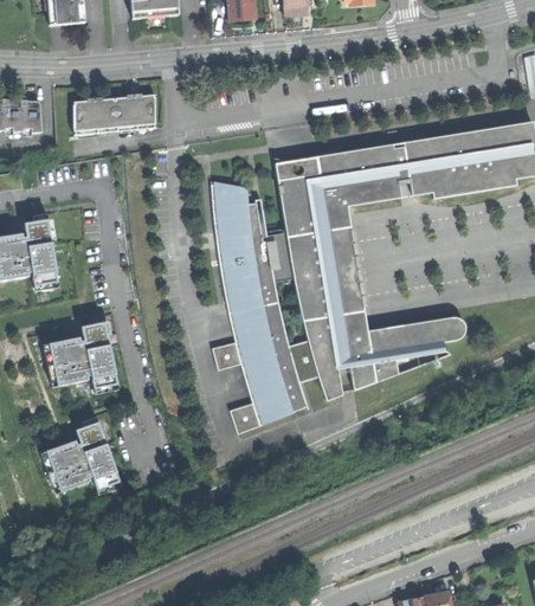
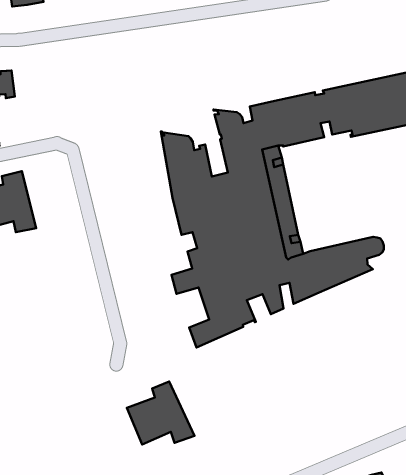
building: [73,94,156,130] -> none
building: [45,321,120,392] -> none
building: [46,421,123,494] -> [127,381,194,445]

